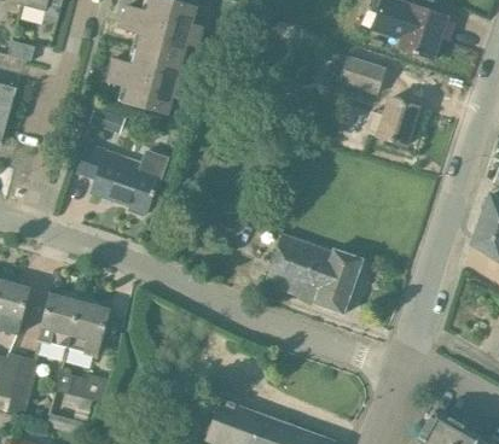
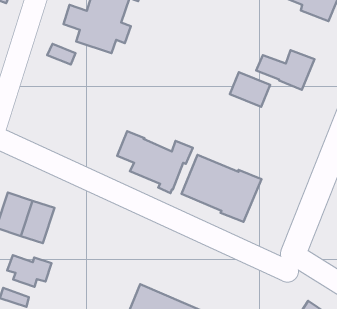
building: [337,54,387,95] -> [230,72,270,107]
building: [75,142,168,216] -> [117,131,193,193]

